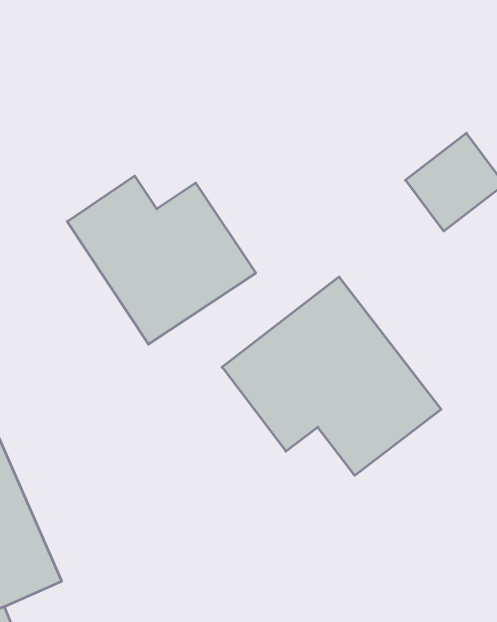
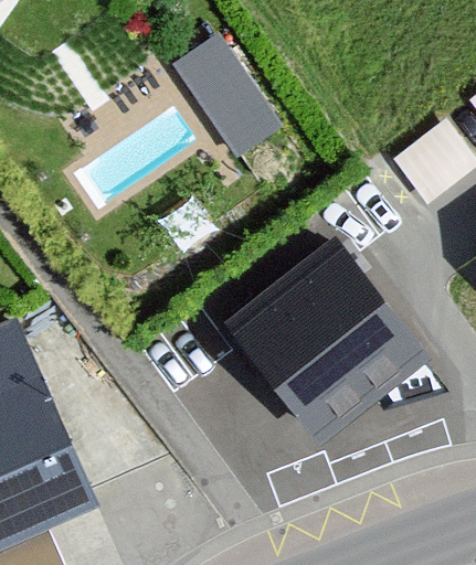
building: none -> [172,31,282,156]
building: [67,176,256,344] -> none

